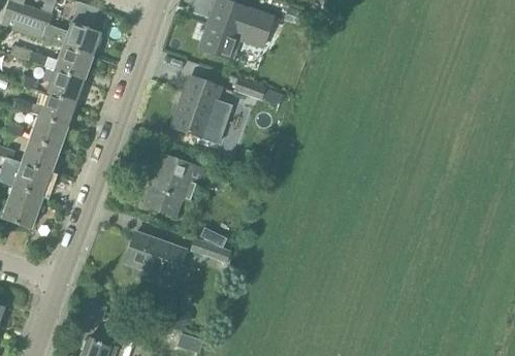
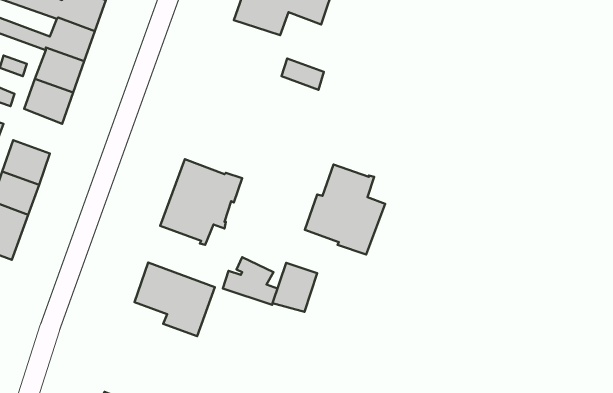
building: [170,75,231,143] -> [305,164,385,254]
building: [31,114,68,148] -> none
building: none -> [273,263,317,312]

